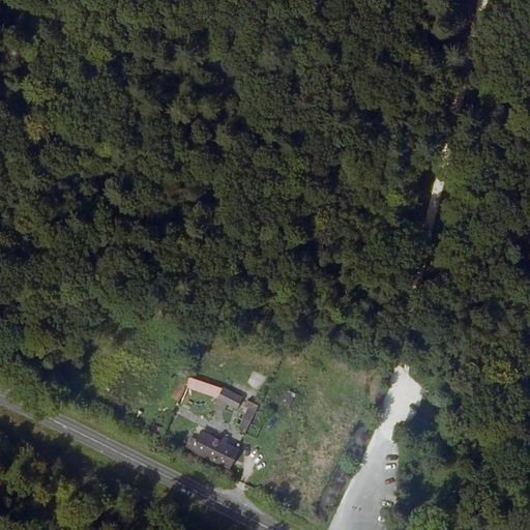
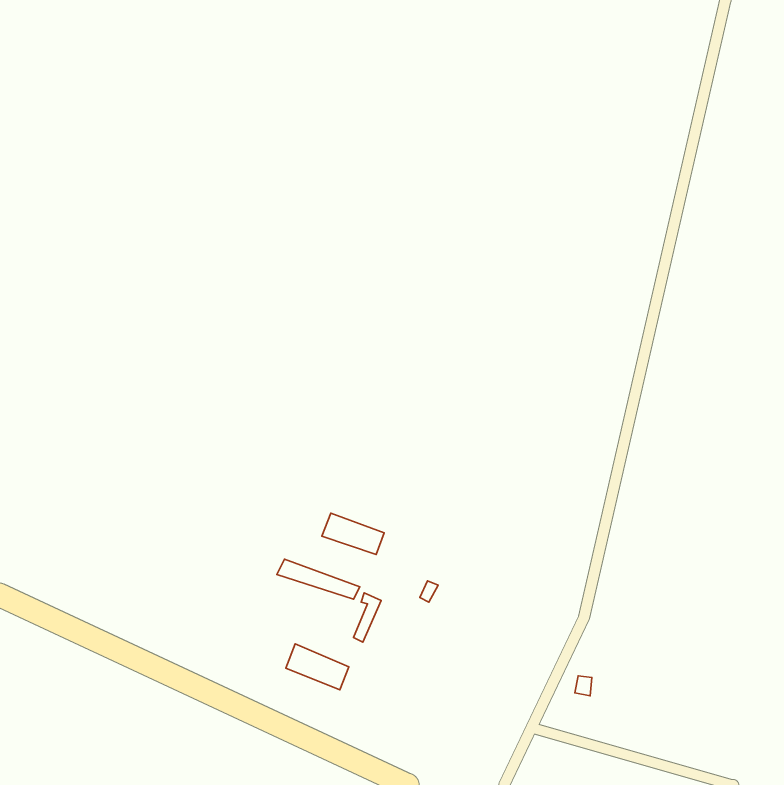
building: none -> [322,513,384,555]

